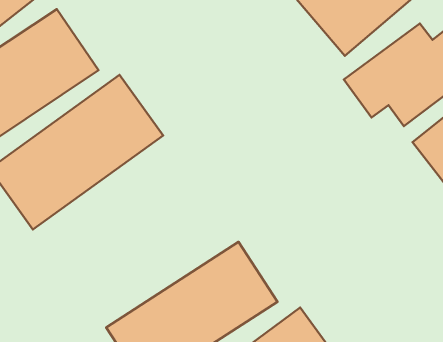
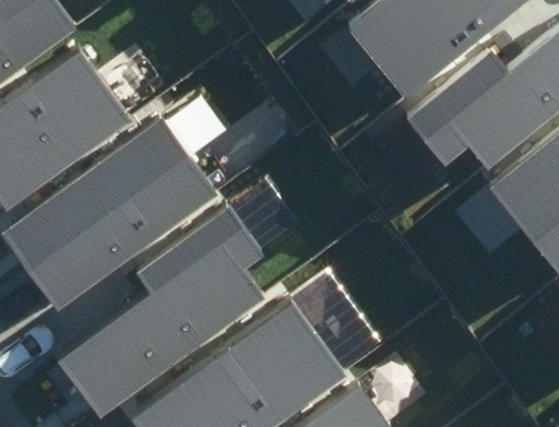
building: none -> [68,206,264,405]

